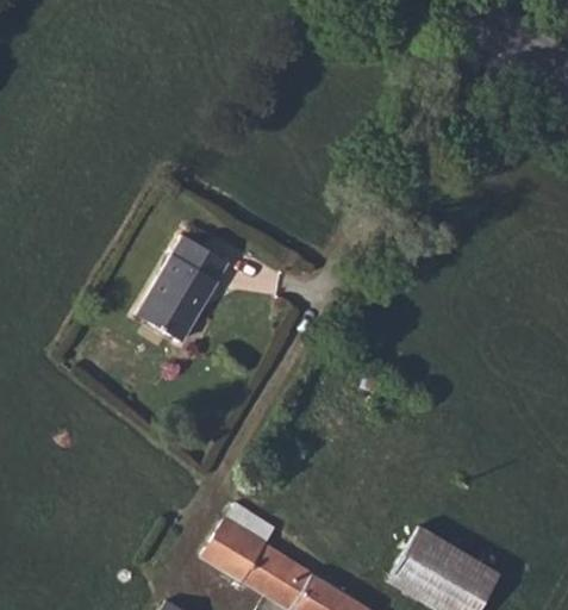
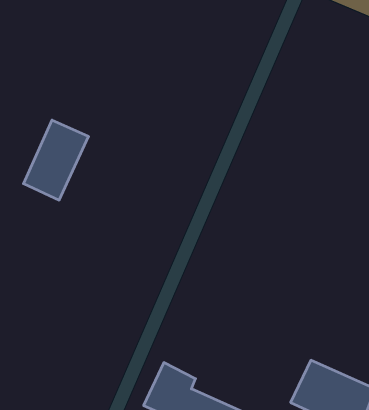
building: [141,239,231,341] -> [23,120,89,200]

